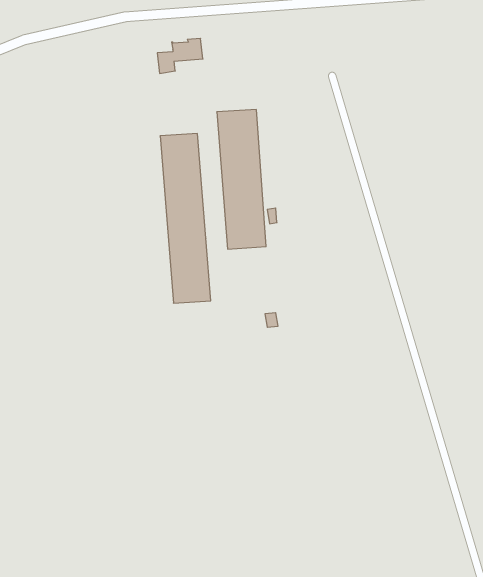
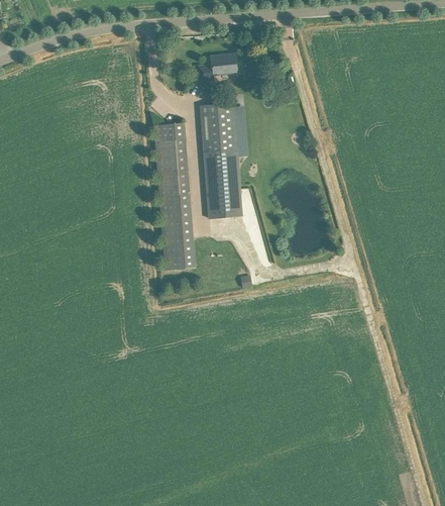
building: [157,38,203,73] -> [197,53,235,82]

